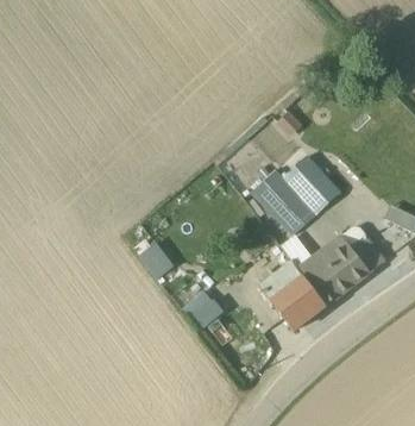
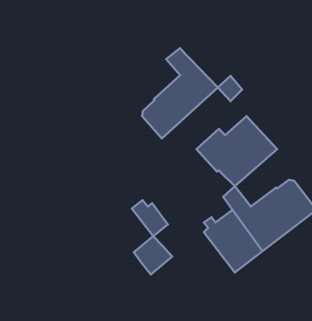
building: none -> [142,48,218,139]
building: [133,239,174,280] -> [132,200,168,236]

